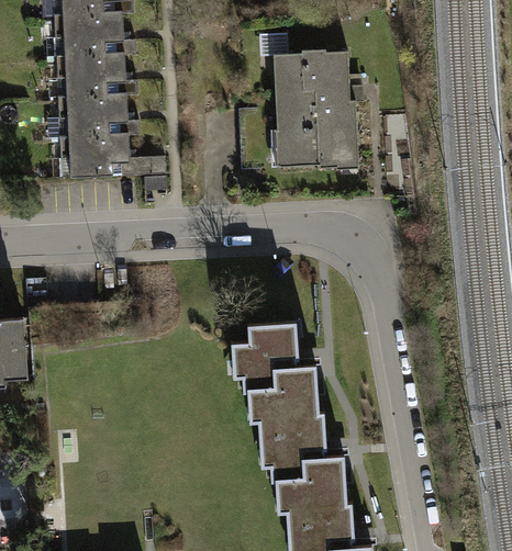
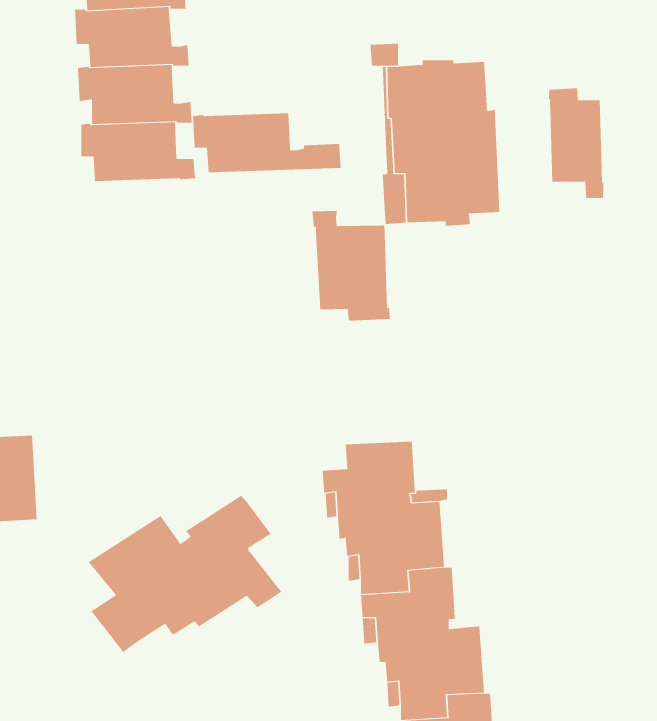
building: none -> [548,87,604,199]
building: [59,135,166,178] -> [192,113,341,173]
building: none -> [312,210,391,322]
building: none -> [88,495,282,653]

